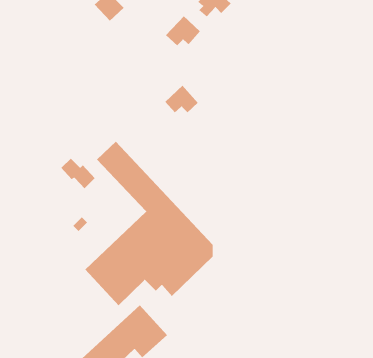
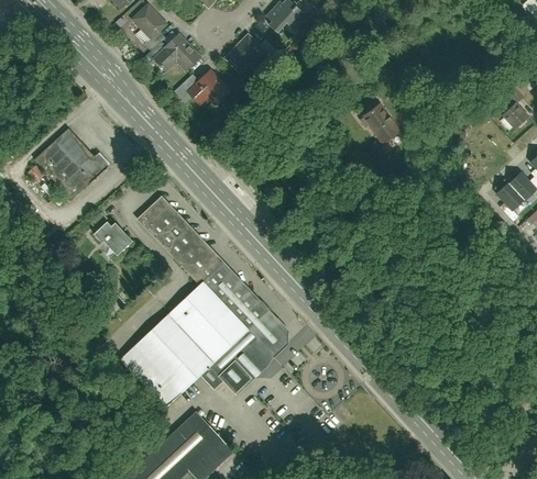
building: none -> [152,33,202,73]
building: none -> [363,102,398,140]
building: [165,85,199,113] -> [187,69,231,105]
building: none -> [34,127,108,197]

